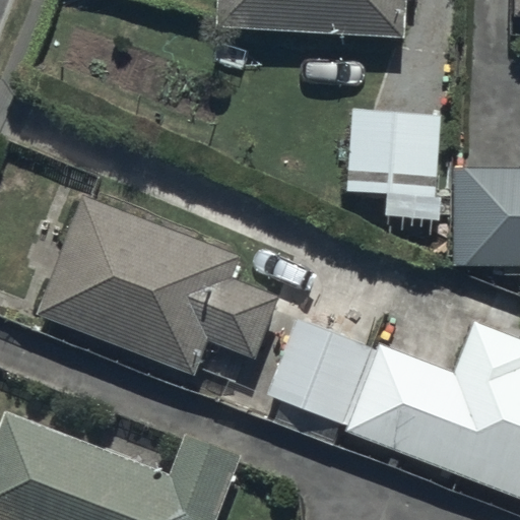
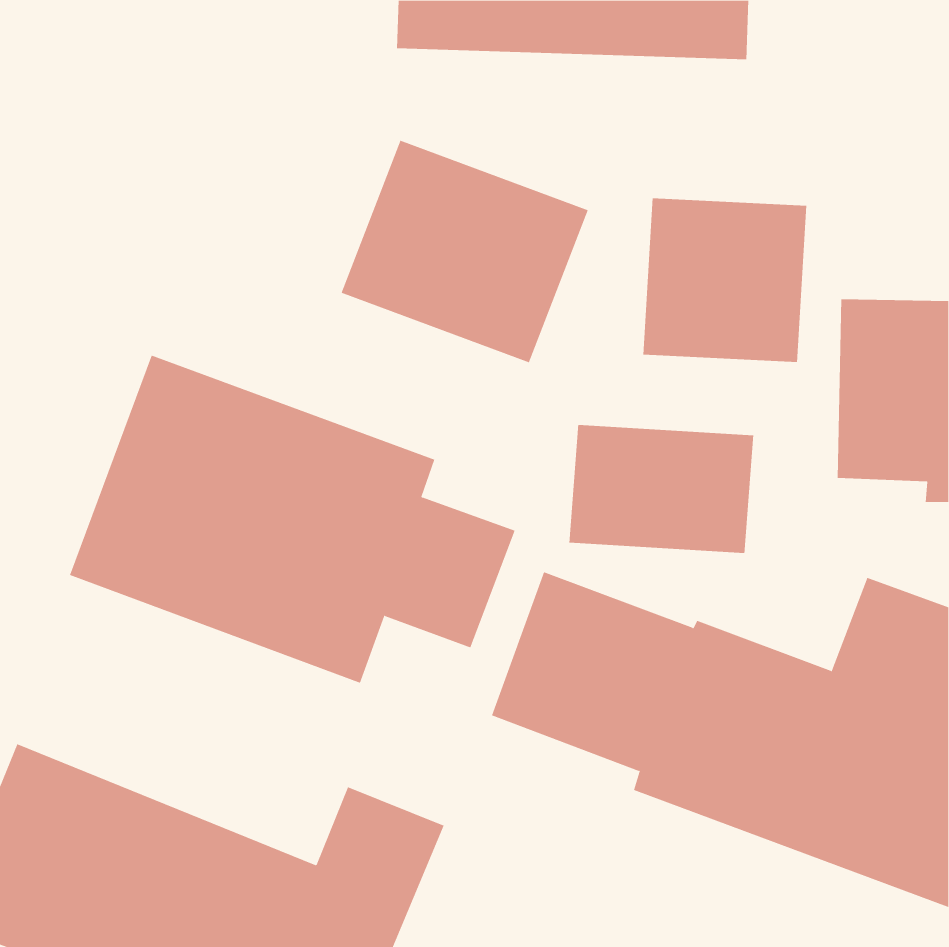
building: none -> [341,140,589,363]
building: none -> [569,424,754,554]

